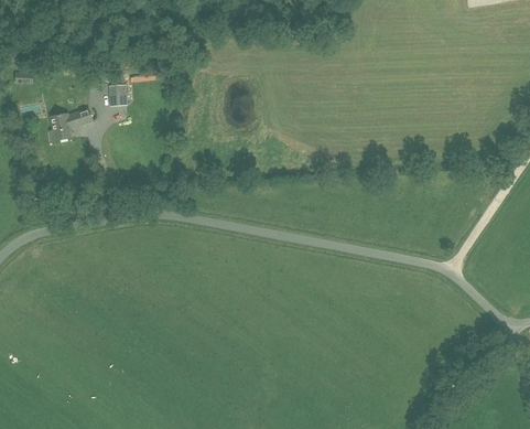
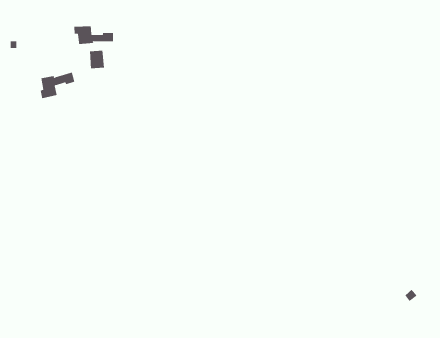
building: none -> [74,25,113,45]

